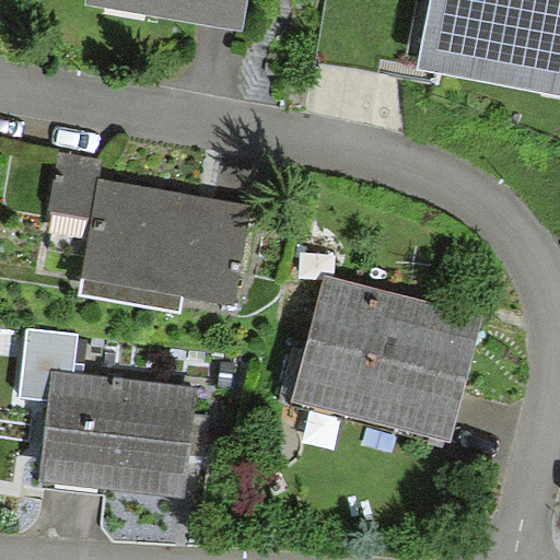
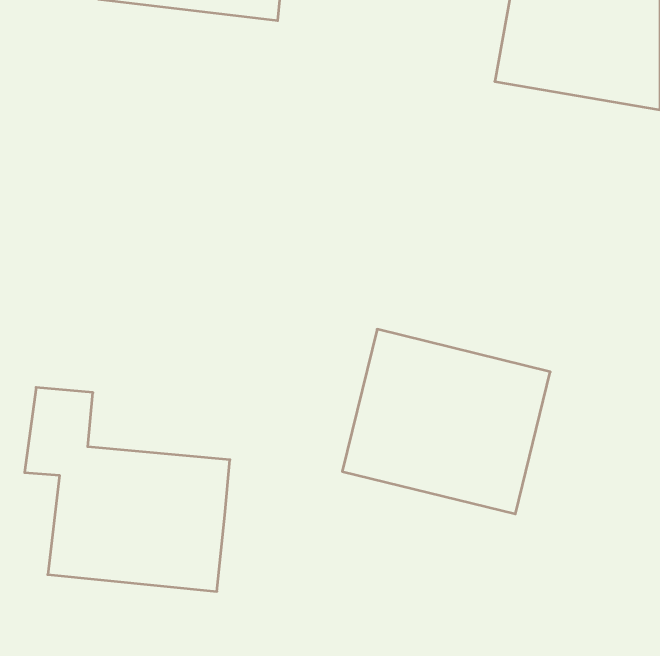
building: [47,152,256,318] -> none

